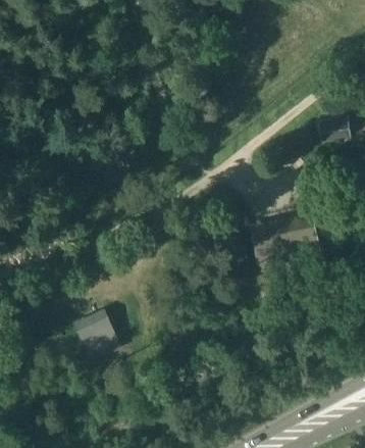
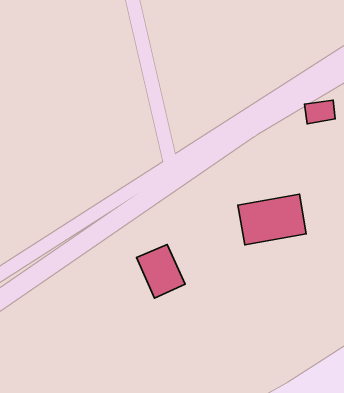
building: [71,308,121,363] -> [137,245,185,298]

